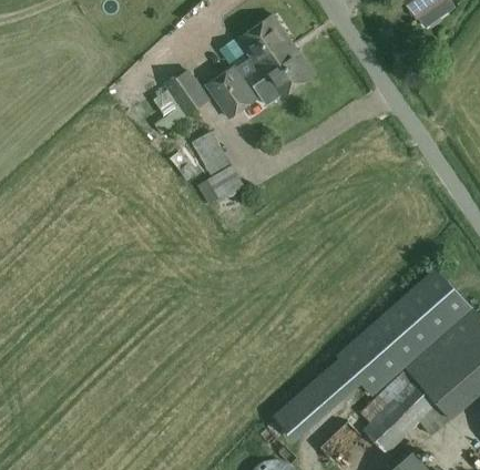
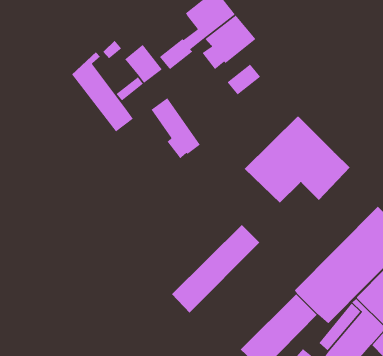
building: none -> [71,51,134,133]
building: [215,83,254,118] -> [227,64,261,95]
building: none -> [244,116,350,204]
building: none -> [171,224,260,314]

